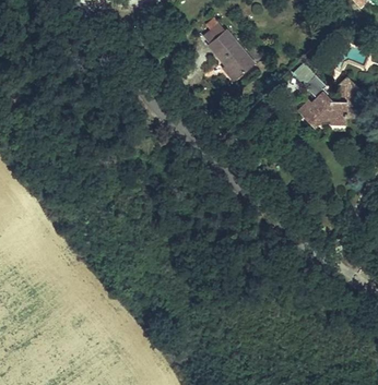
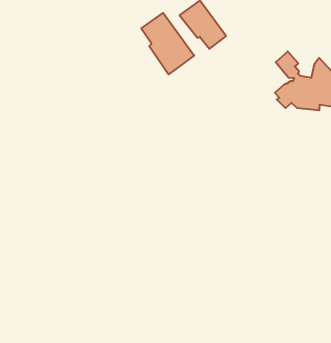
building: none -> [141,13,194,74]

